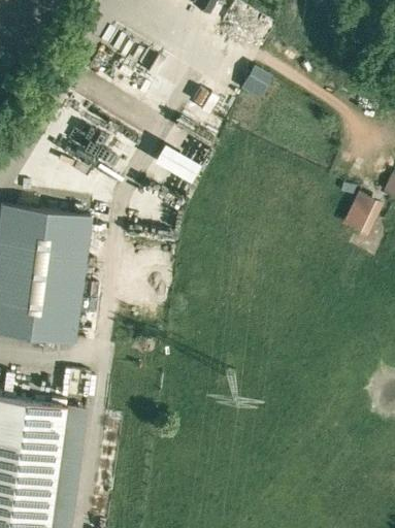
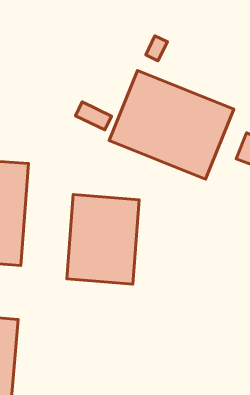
building: none -> [109,71,234,179]
building: none -> [67,194,139,284]

